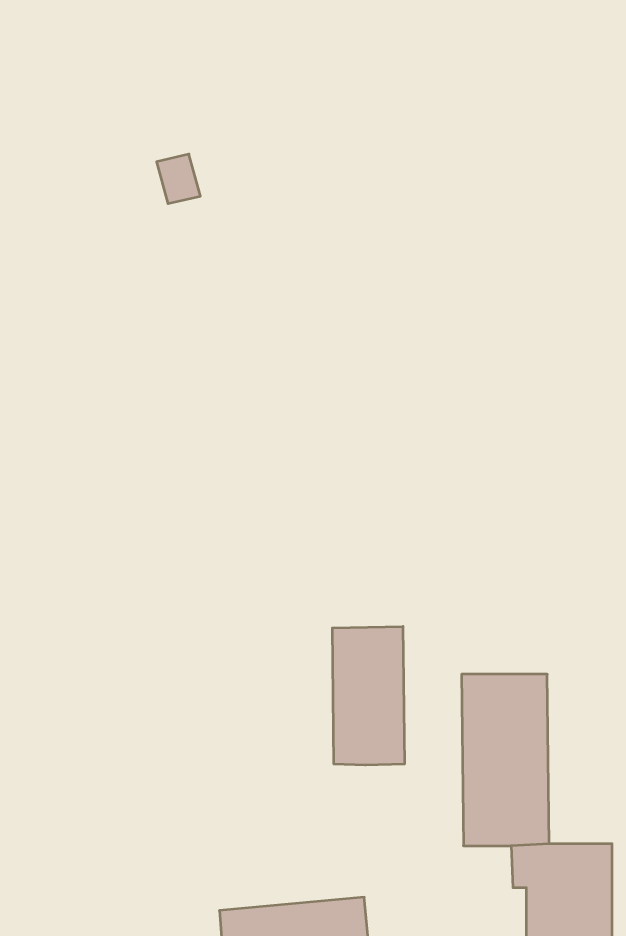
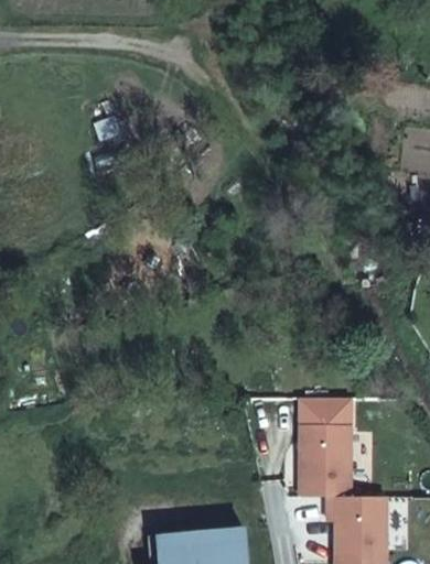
building: [332,626,404,765] -> none

